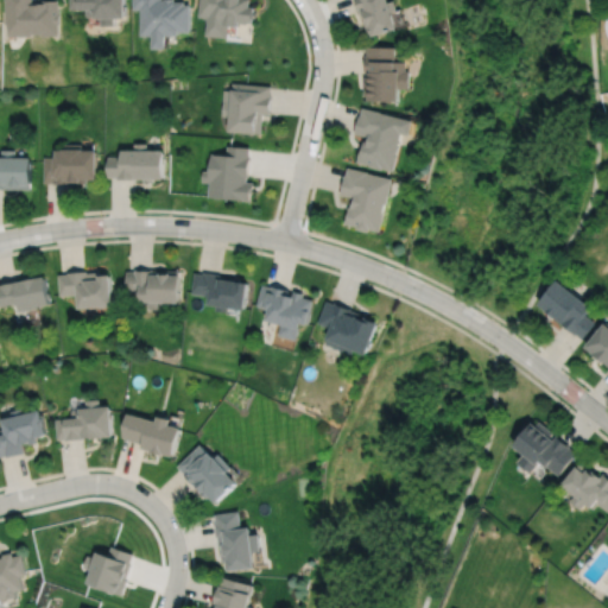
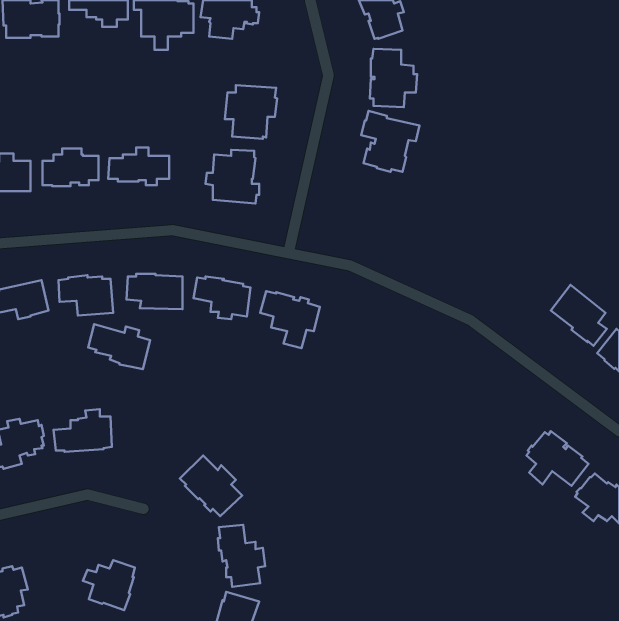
building: [338,166,391,230] -> none
building: [316,302,379,355] -> none
building: [119,414,179,458] -> [88,324,150,369]

